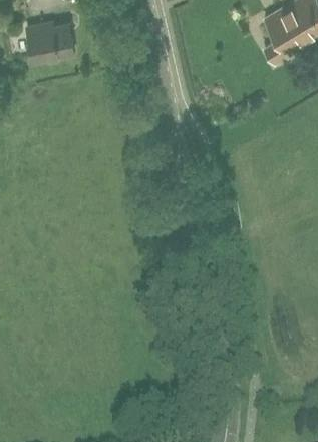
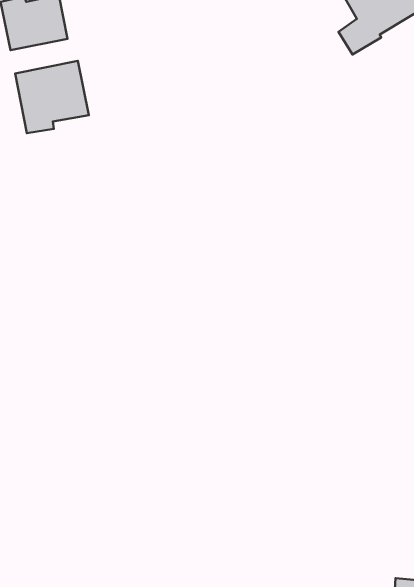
building: none -> [15,61,89,133]

